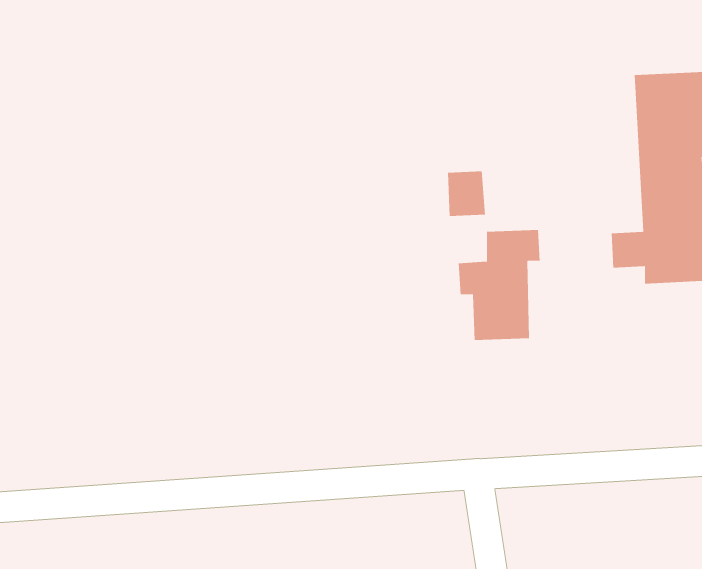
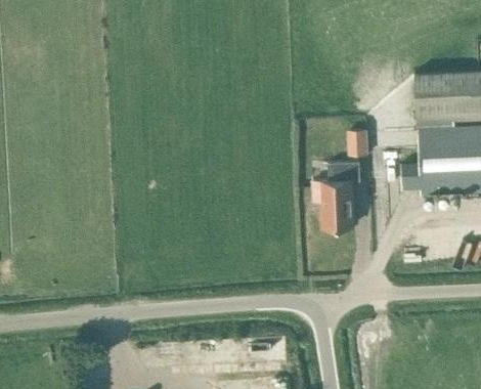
building: [447,171,486,216] -> [347,131,369,158]

